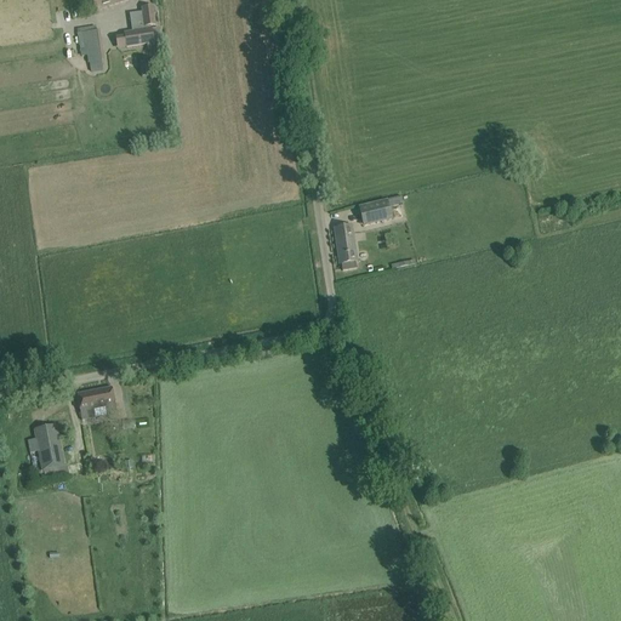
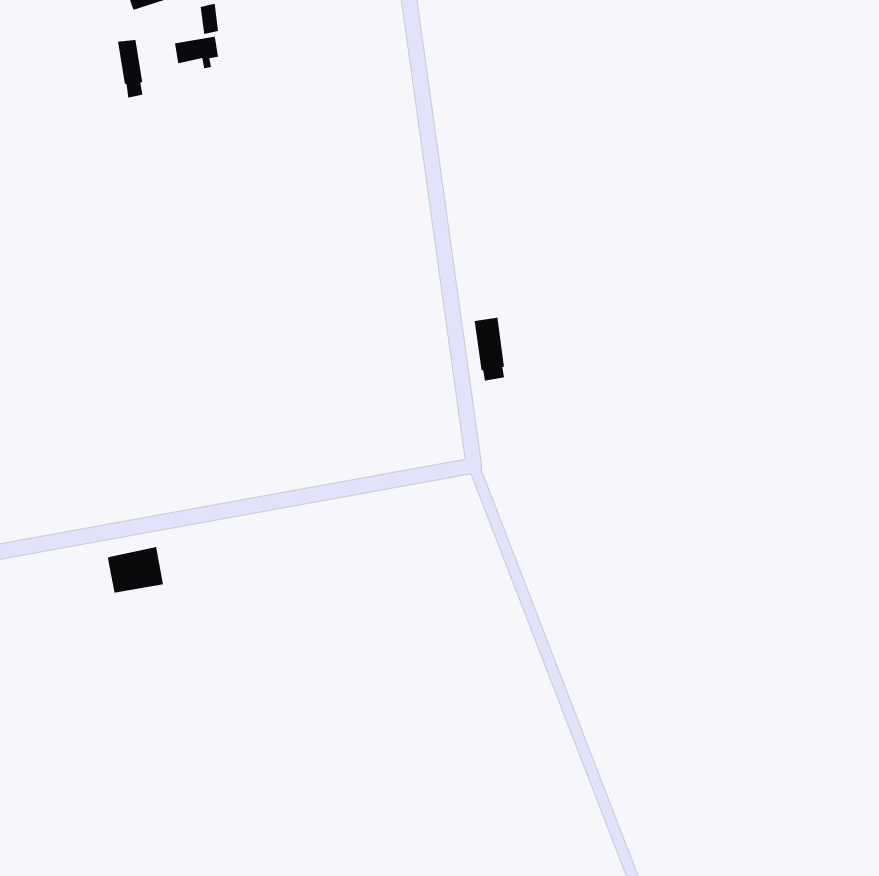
building: [358,198,389,221] -> none
building: [34,423,68,478] -> none

